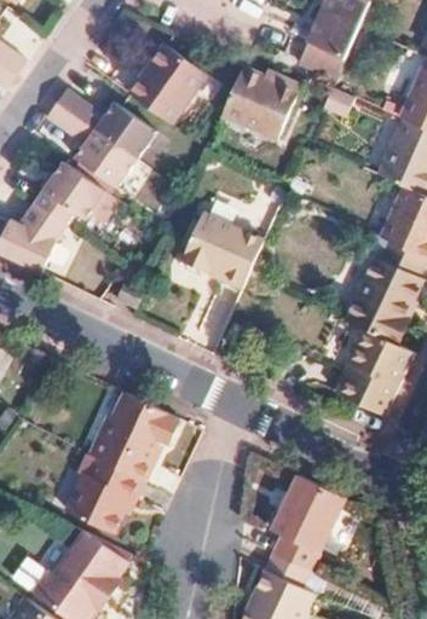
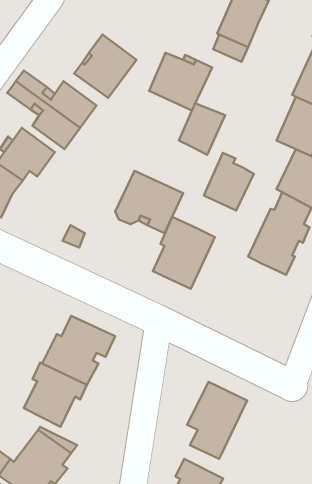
building: none -> [179,103,225,155]
building: none -> [204,153,254,211]
building: [336,329,414,418] -> [153,217,215,289]

